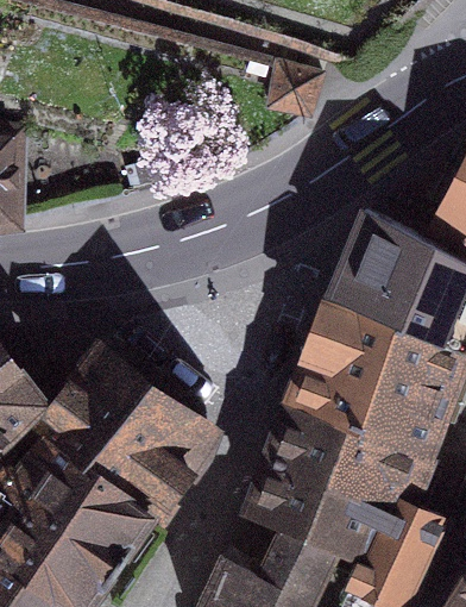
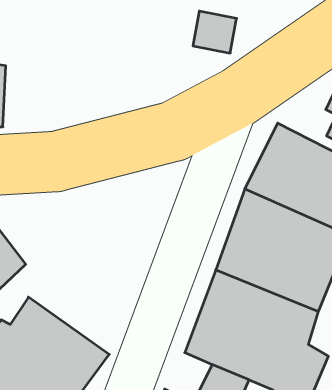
building: [40,349,209,517] -> none

